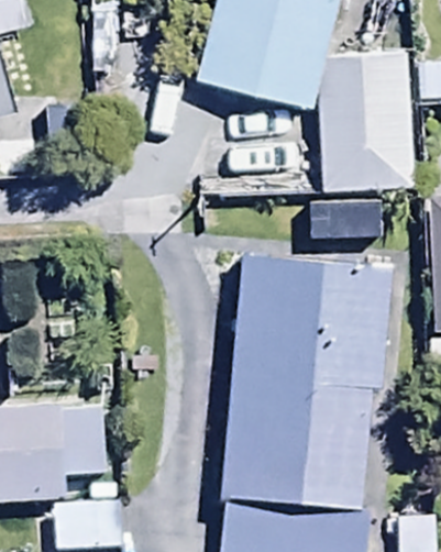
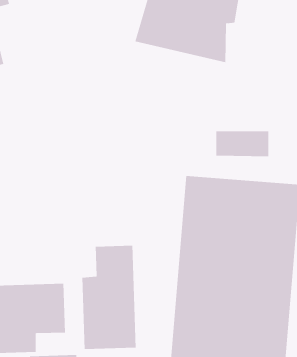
building: [315,52,405,191] -> none
building: none -> [82,245,136,350]

